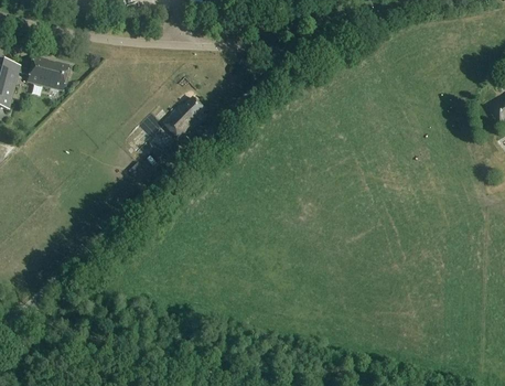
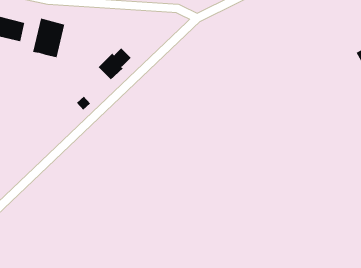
building: none -> [32,18,65,58]

